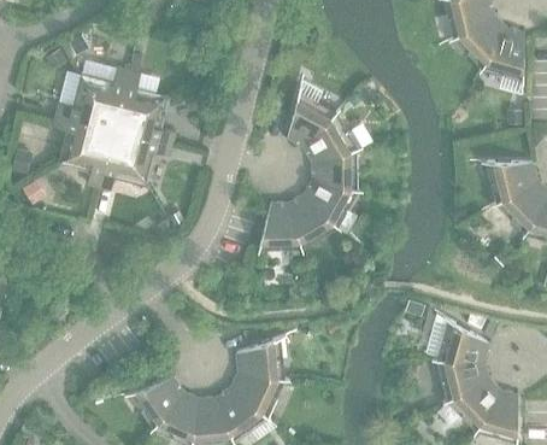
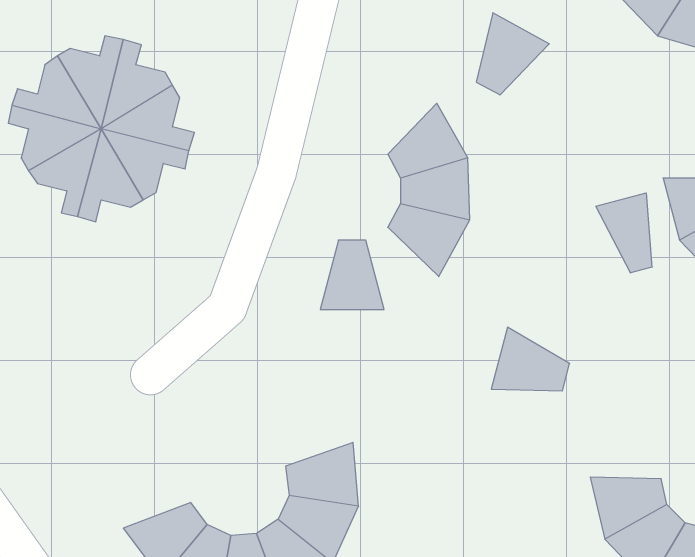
building: [286,90,334,145] -> [476,13,549,95]
building: none -> [596,193,652,273]
building: [287,193,335,247] -> none
building: [435,317,487,359] -> [491,327,570,391]

